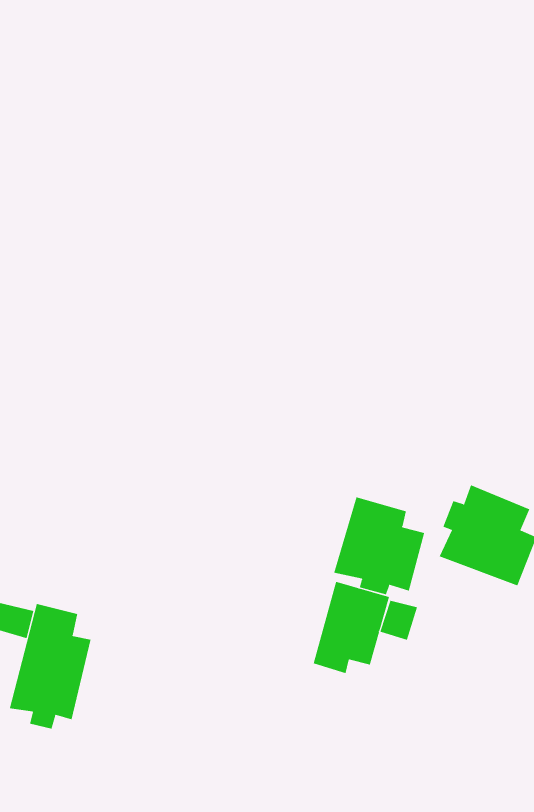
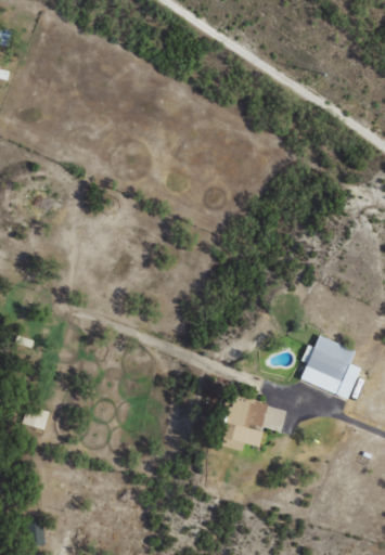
building: [333,497,425,595] -> none
building: [9,603,91,729] -> none

